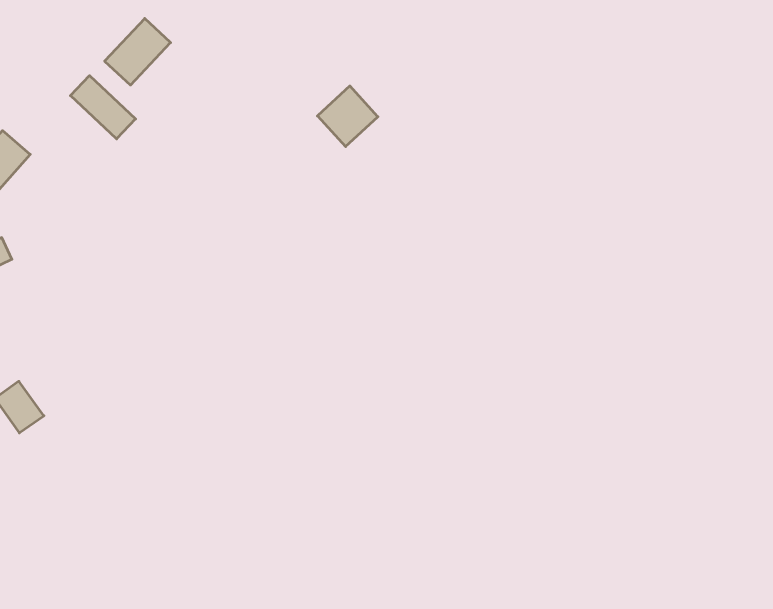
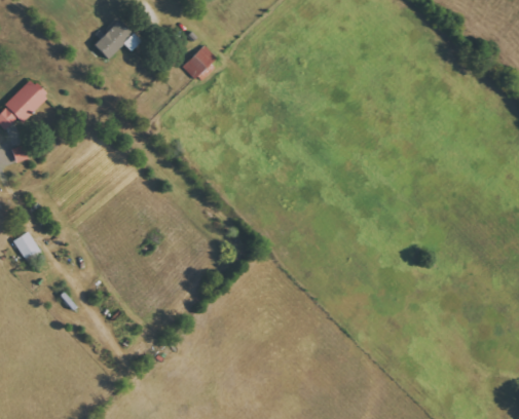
building: [70,76,136,139] -> none
building: [317,86,378,147] -> [184,46,220,82]

